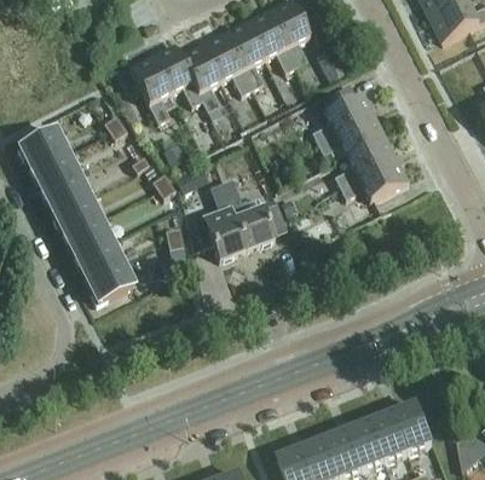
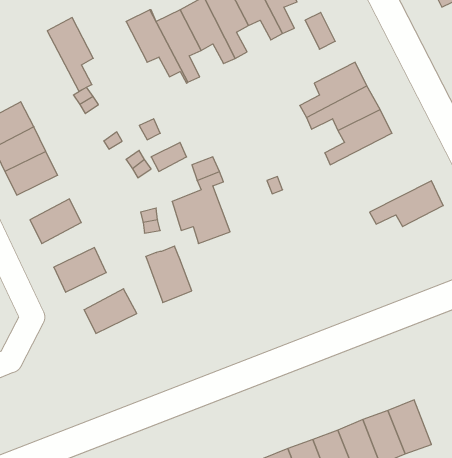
building: [129,54,172,122] -> [47,18,93,91]
building: [340,157,408,199] -> [370,181,443,227]
building: [52,196,100,237] -> none
building: [232,196,275,248] -> [146,246,192,303]
building: [75,239,123,281] -> [84,289,137,333]

